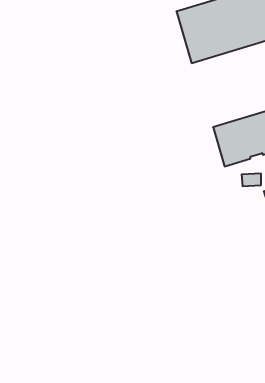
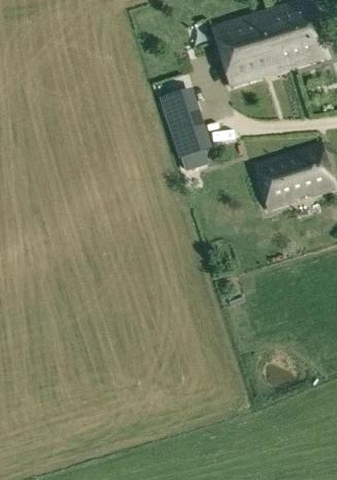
building: none -> [162,91,209,159]

